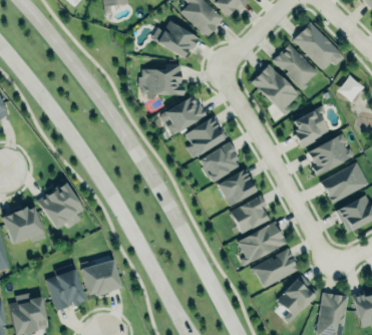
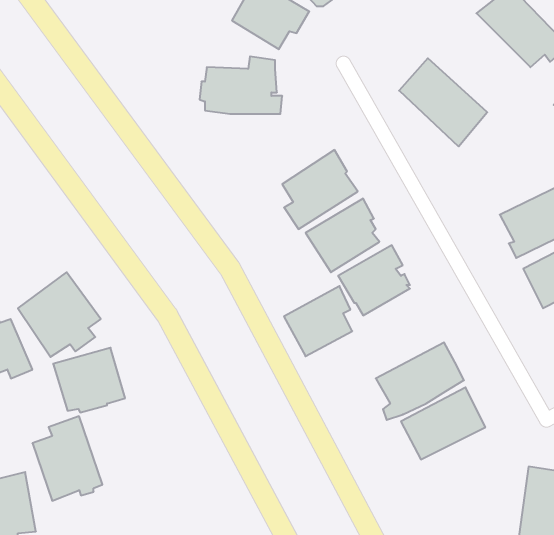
building: [273,43,318,90] -> none
building: [165,96,209,135] -> none
building: [292,105,331,148] -> none
building: [230,195,268,234] -> [284,286,352,356]
building: [81,261,121,297] -> [53,348,125,412]
building: [277,275,318,317] -> none

